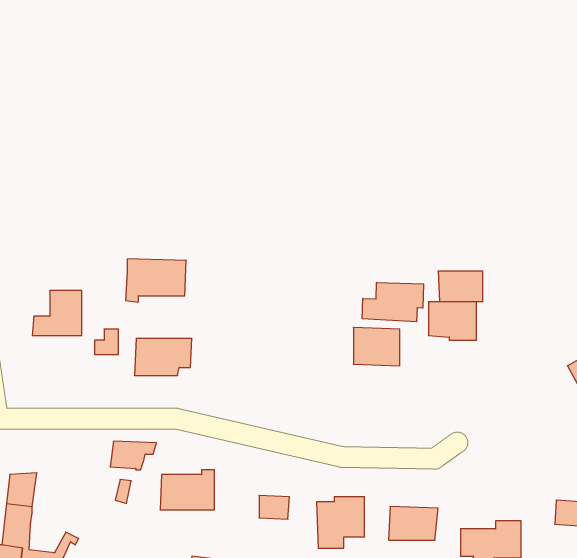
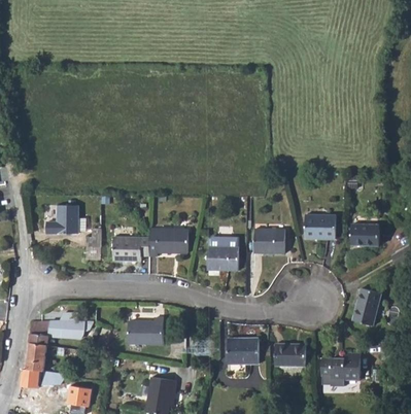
building: [126,259,186,302] -> [147,228,186,255]
building: [438,271,483,302] -> [347,221,376,241]
building: [362,282,424,322] -> none
building: none -> [205,236,236,270]
building: none -> [355,285,383,322]
building: [110,441,156,470] -> [61,322,91,341]

